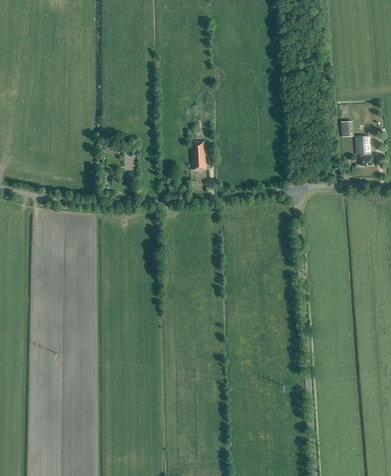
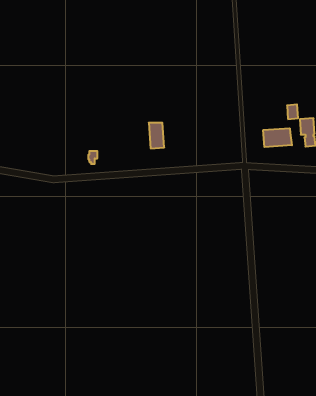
building: none -> [263,128,292,147]

